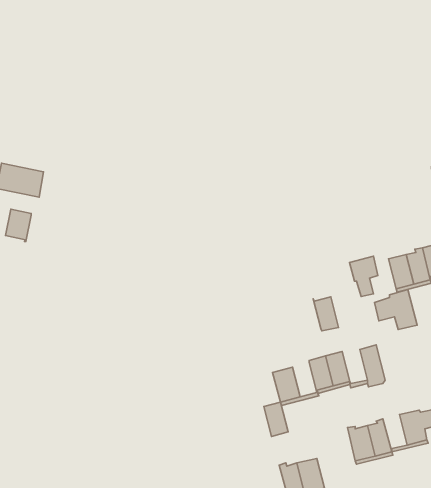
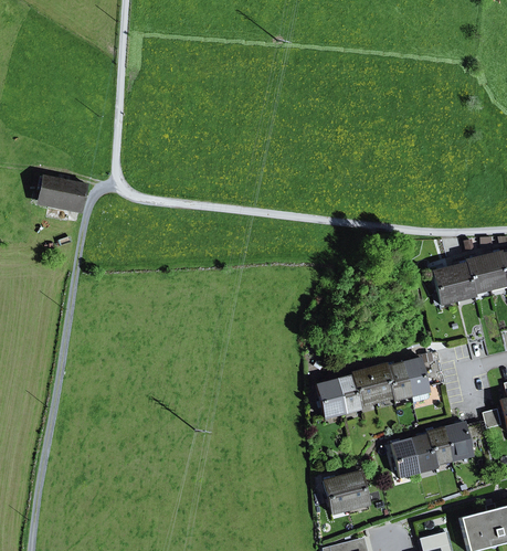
building: [5,209,31,242] -> none
building: [349,256,378,296] -> none
building: [375,289,417,329] -> none
building: [313,297,338,331] -> [385,362,411,396]
building: [264,402,288,436] -> [336,375,360,410]
building: none -> [426,427,451,465]

